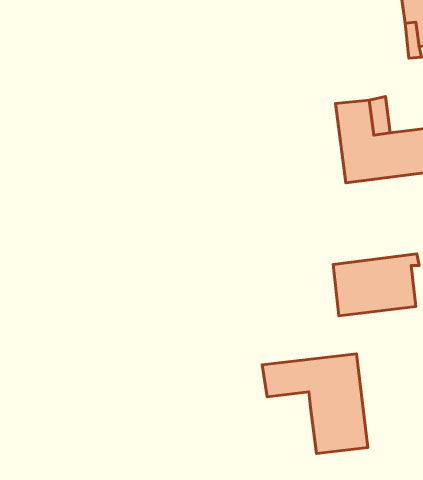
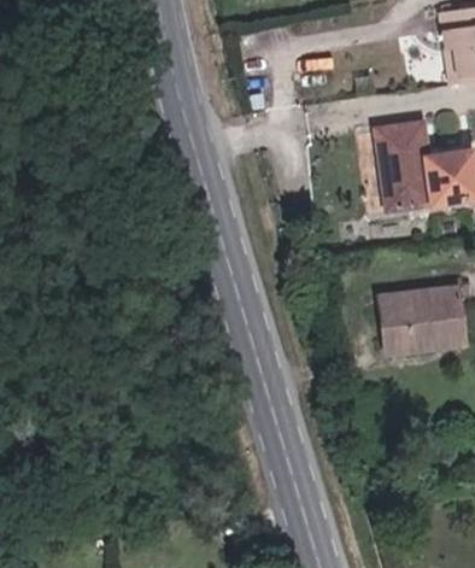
building: [262,354,368,454] -> none

